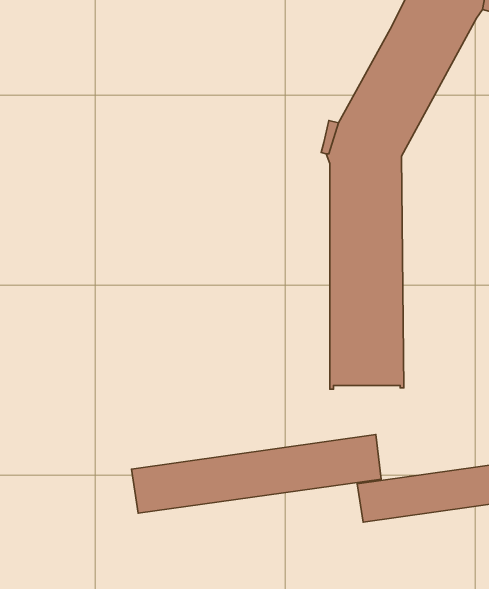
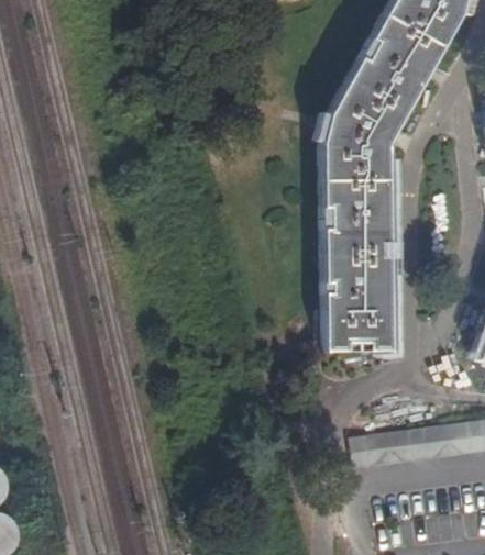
building: [131,434,381,513] -> none

